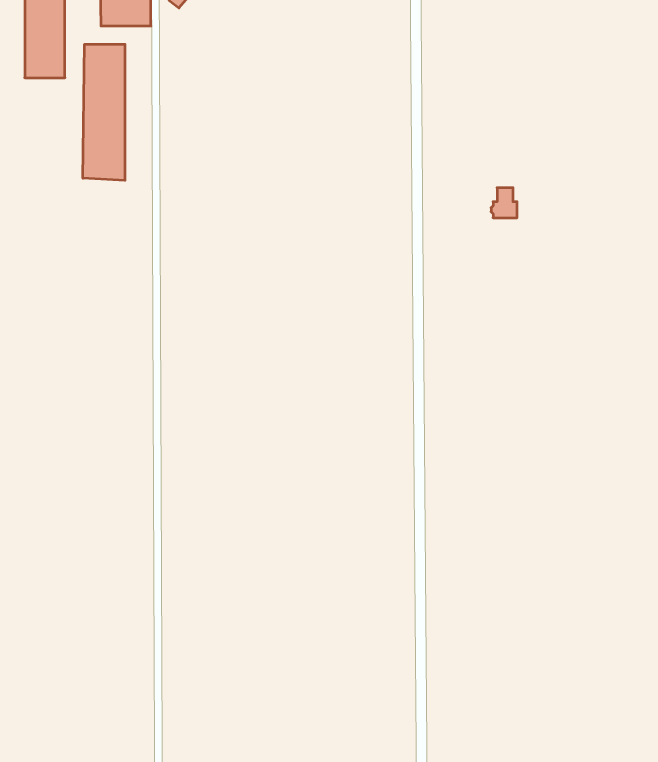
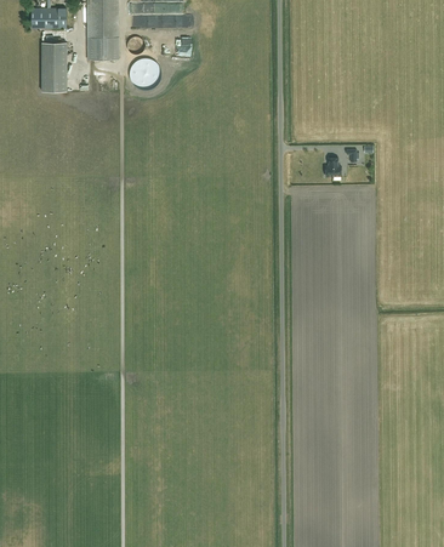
building: [83,44,125,180] -> none

